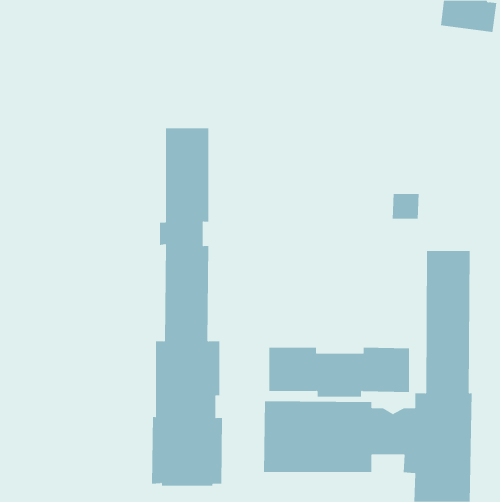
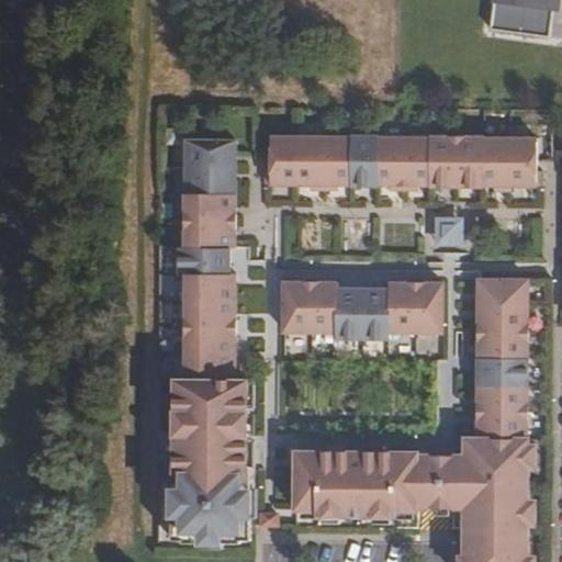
building: none -> [263,135,541,191]
building: [269,347,410,397] -> [282,279,440,335]

